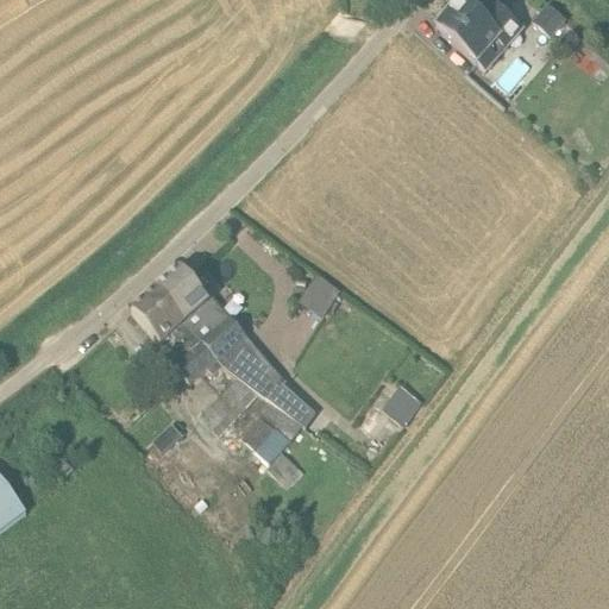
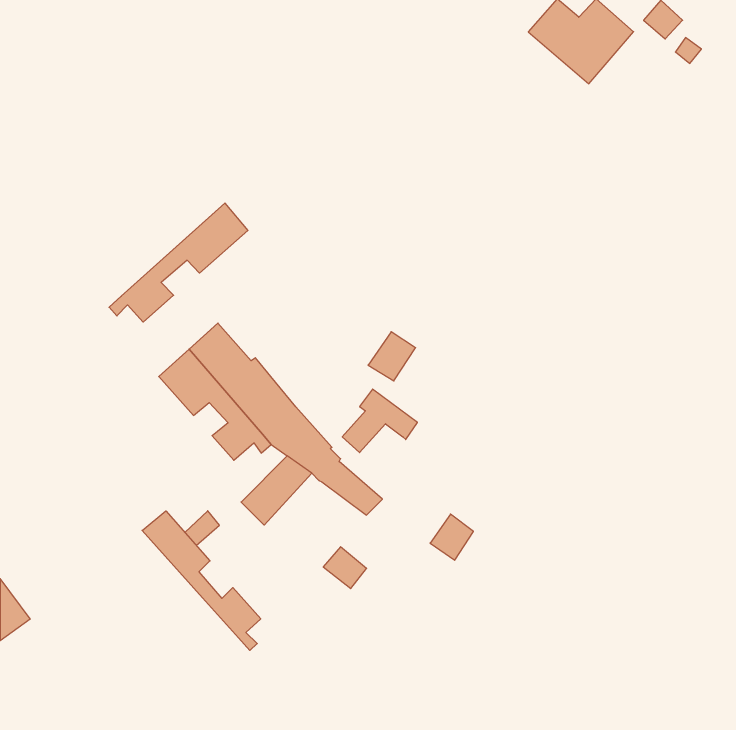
building: none -> [109,203,248,322]
building: [384,385,420,423] -> [430,514,473,560]
building: [241,397,303,450] -> [342,389,417,453]
building: none -> [142,511,261,650]

